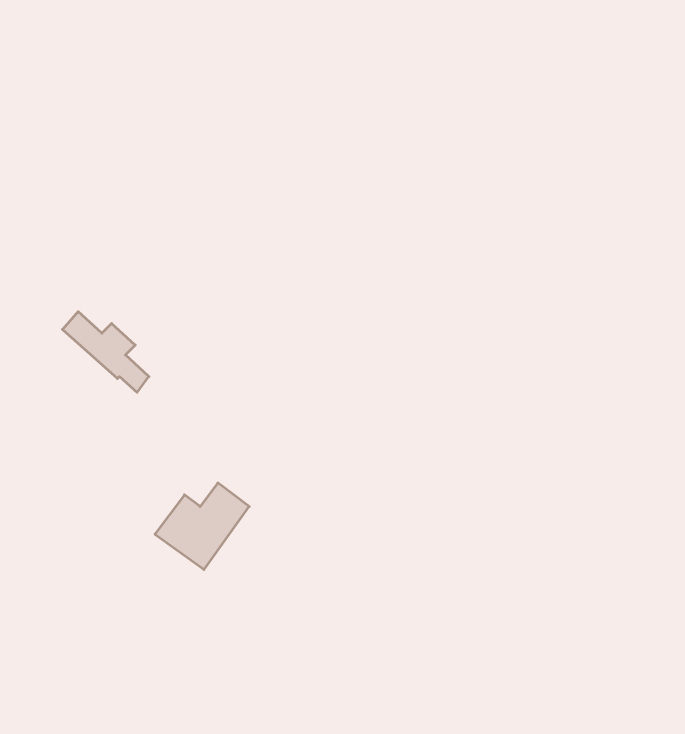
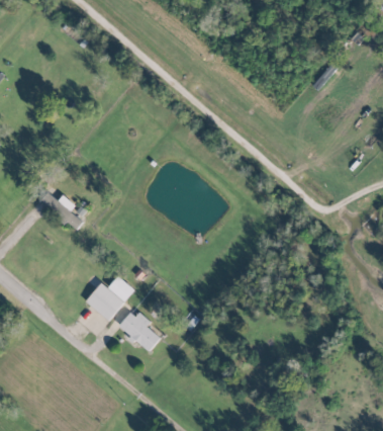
building: none -> [112,309,160,351]

